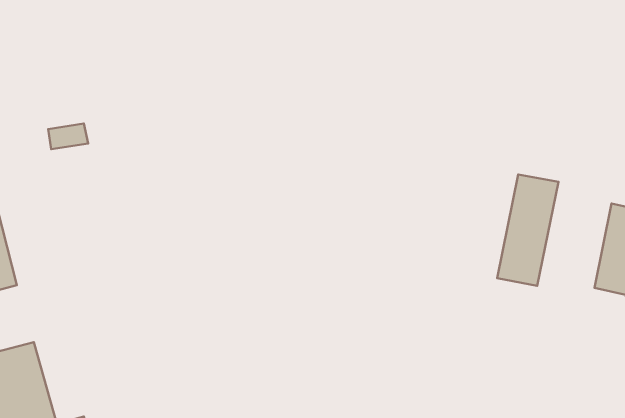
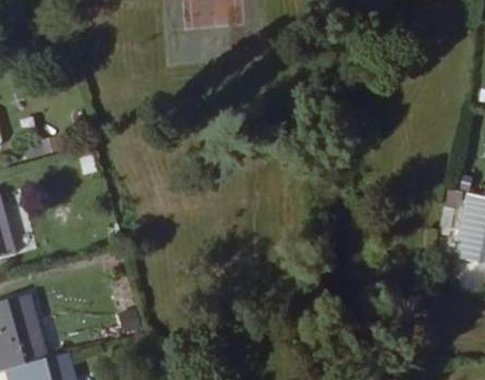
building: [497,174,558,286] -> none

